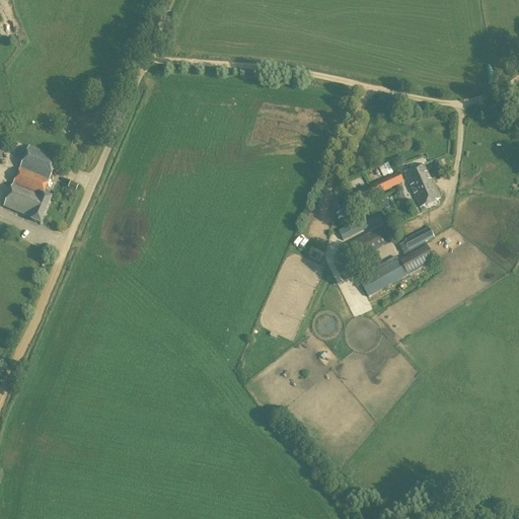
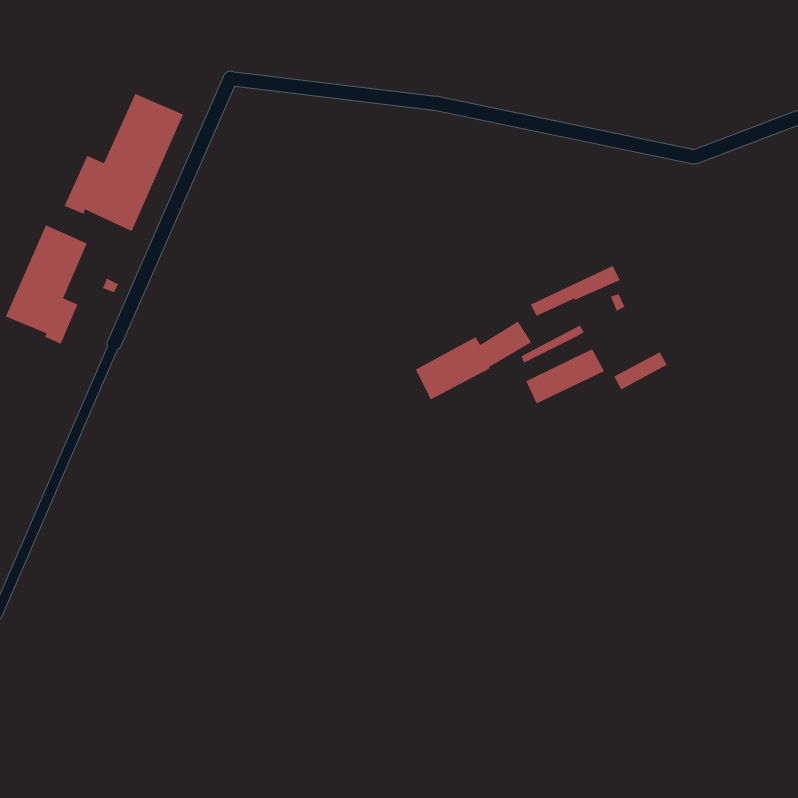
building: none -> [64,93,184,232]
building: [403,162,439,207] -> none
building: [356,244,432,296] -> [415,320,532,400]

